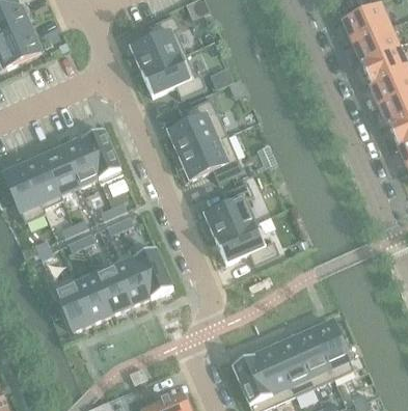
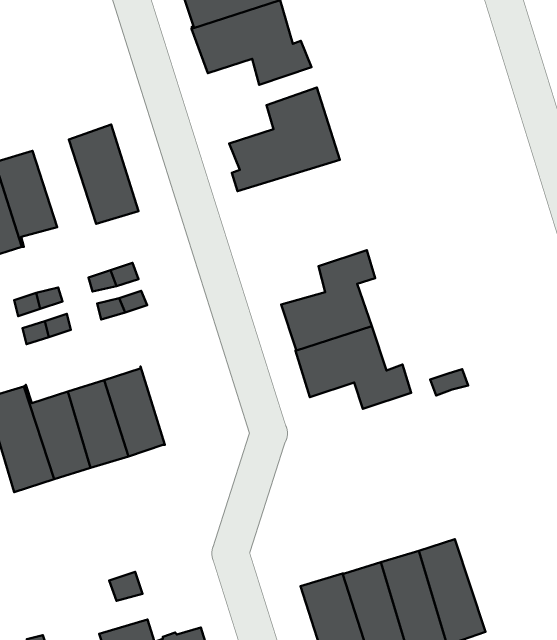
building: [174,133,243,181] -> none
building: [62,138,101,186] -> none
building: [133,246,172,296] -> none
building: [311,320,353,377] -> none

